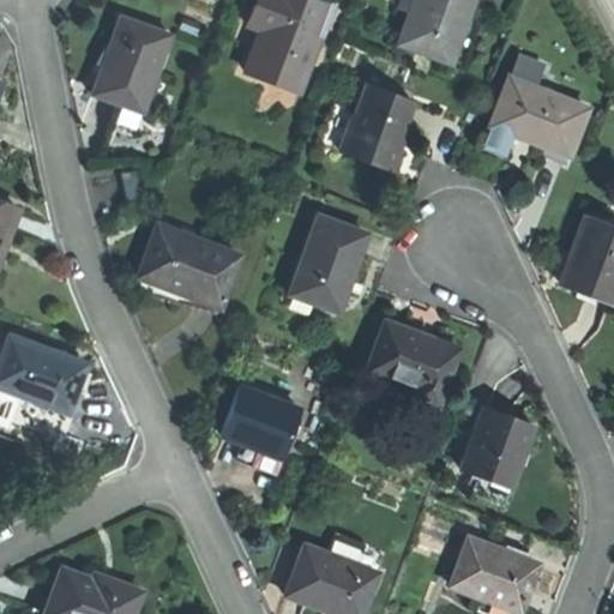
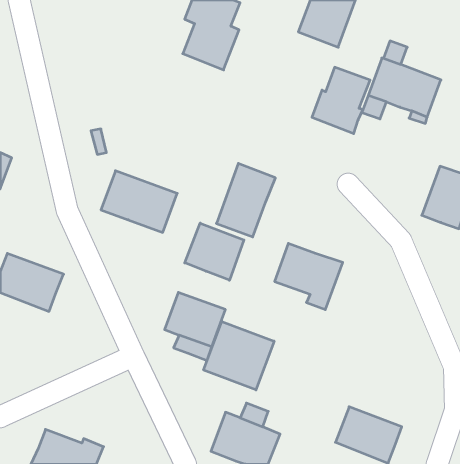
building: [92,17,170,110] -> none
building: [337,85,414,173] -> [312,67,370,134]
building: none -> [185,223,244,280]
building: [460,408,532,486] -> none
building: none -> [204,321,274,390]

